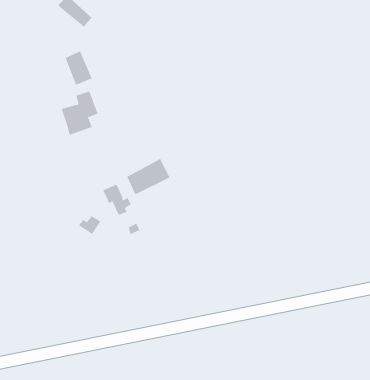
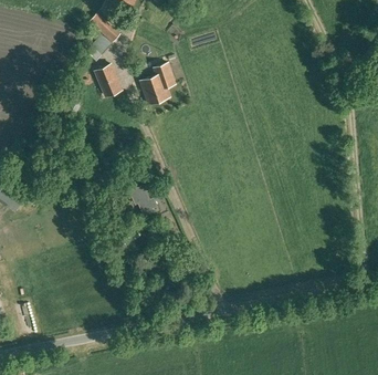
building: [61,91,98,136] -> [141,63,176,104]
building: [127,158,170,195] -> none

